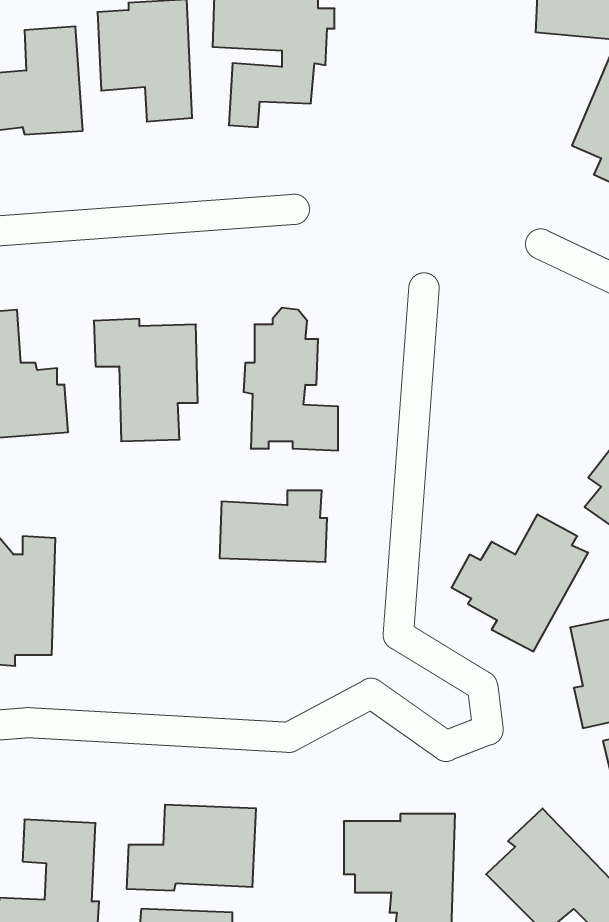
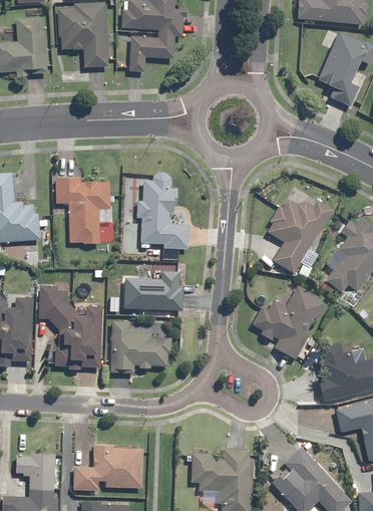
building: none -> [267,199,333,273]
building: none -> [38,285,102,369]
building: none -> [109,320,171,373]

